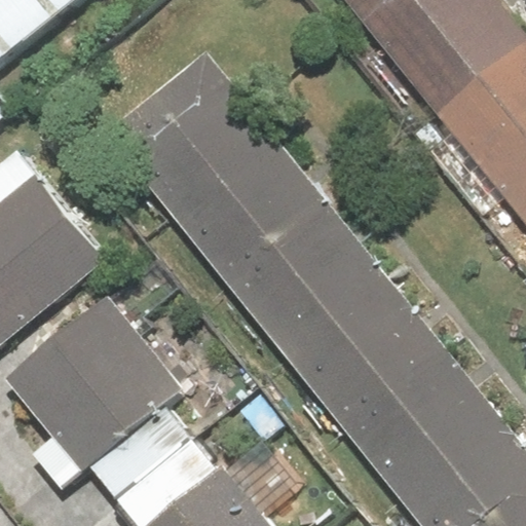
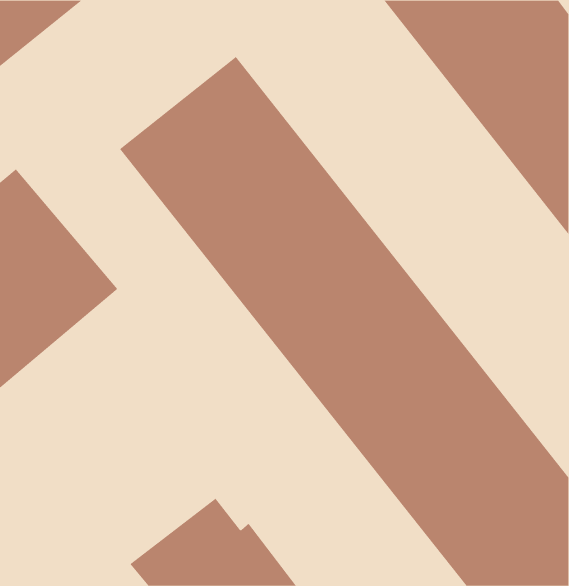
building: [5,296,188,478] -> none

